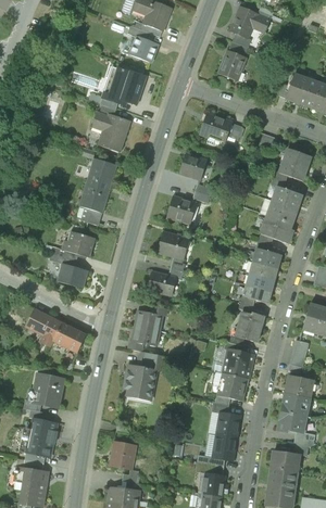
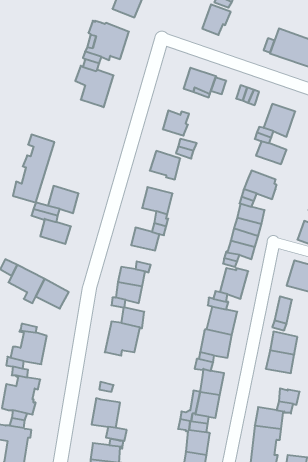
building: [76,157,117,225] -> [13,135,54,202]
building: [267,200,297,224] -> none
building: [278,411,306,433] -> none

